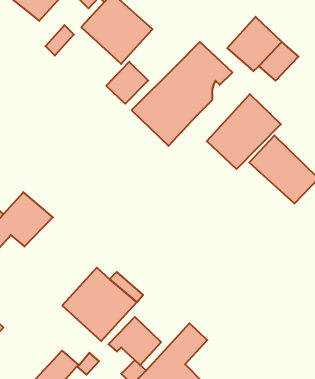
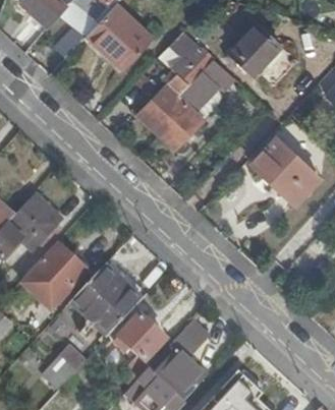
building: [106,62,148,104] -> [162,30,203,70]
building: [207,94,281,169] -> none
building: none -> [23,243,87,306]

